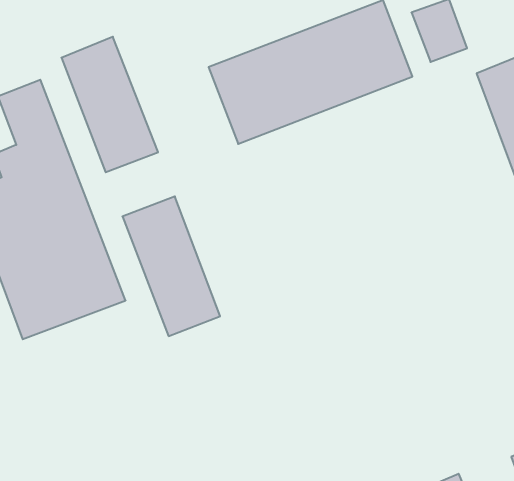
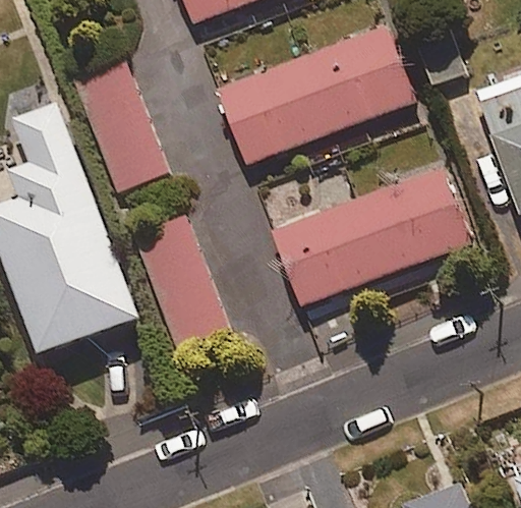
building: none -> [274,167,470,304]

